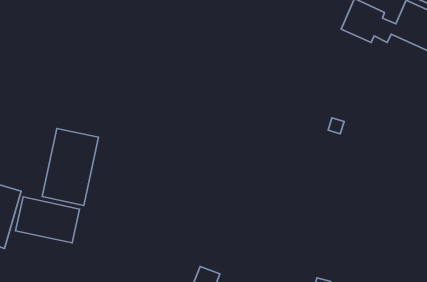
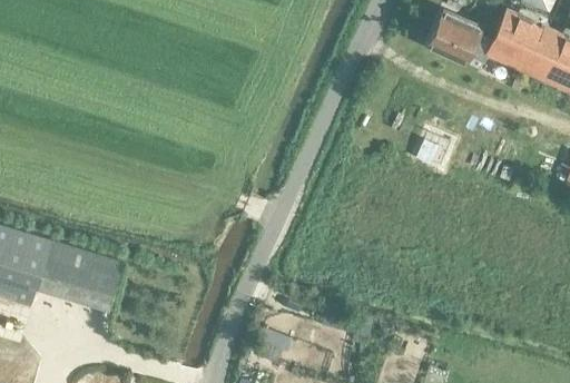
building: [42,128,99,205] -> none

